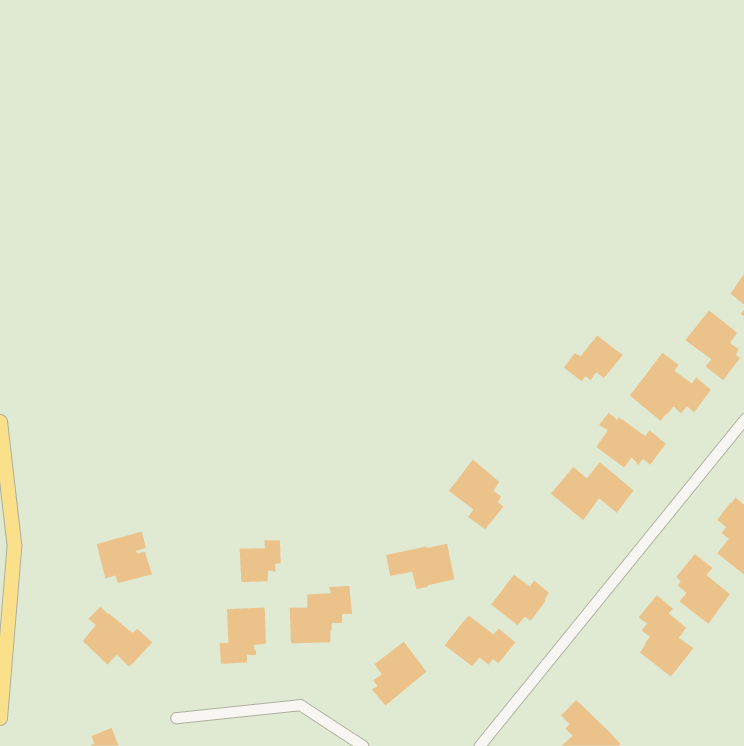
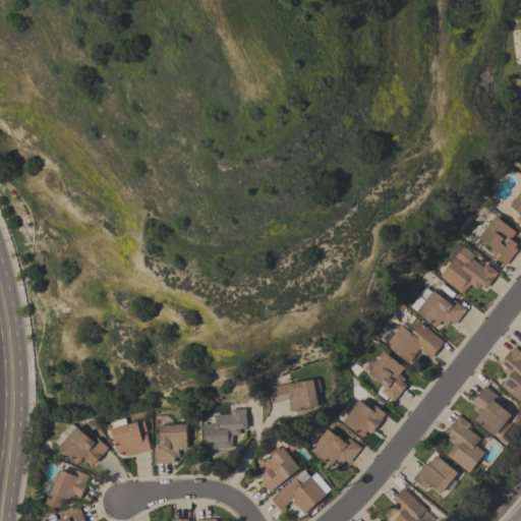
building: [563,335,624,382] -> none
building: [448,459,505,530] -> [367,351,407,401]
building: [96,531,153,583] -> [111,419,151,456]
building: [239,540,281,583] -> none
building: none -> [412,455,457,494]
building: none -> [46,469,89,507]
building: none -> [271,470,326,514]

